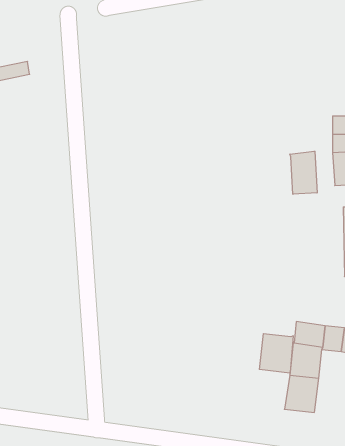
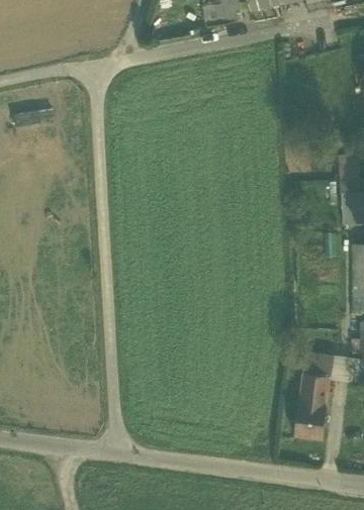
building: [290,151,317,194] -> none
building: [259,334,293,373] -> none

